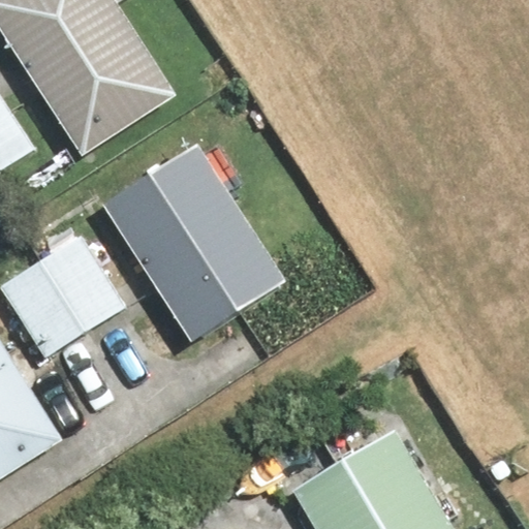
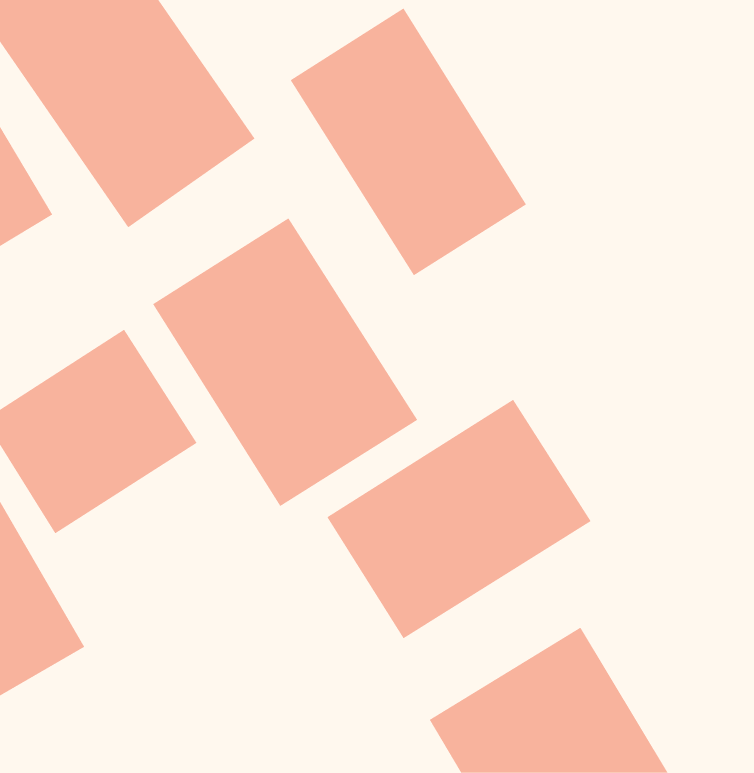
building: none -> [290,7,527,276]
building: none -> [326,399,591,639]

